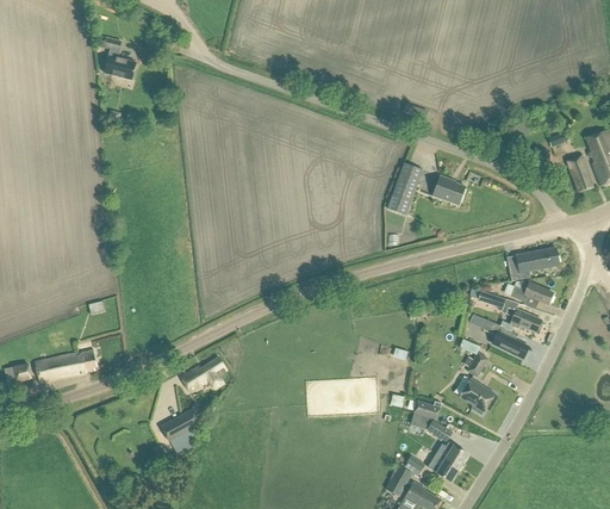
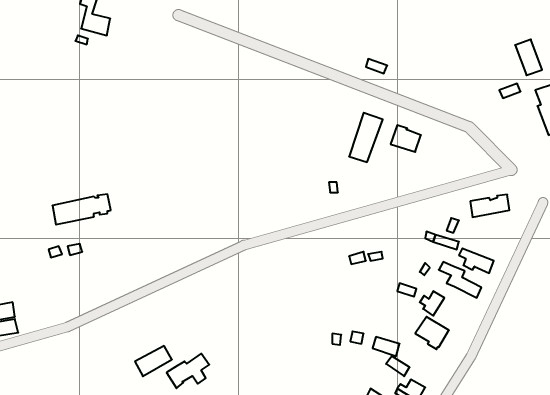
building: [565,154,593,192] -> [515,39,542,75]
building: [509,279,552,304] -> none
building: [33,350,95,383] -> [52,194,111,225]
building: [179,355,224,392] -> [167,354,209,388]

